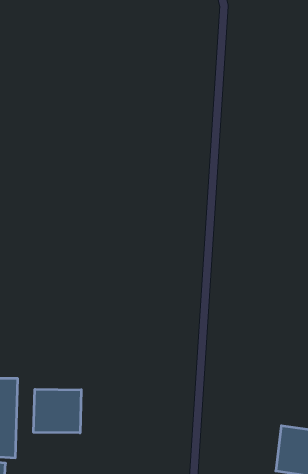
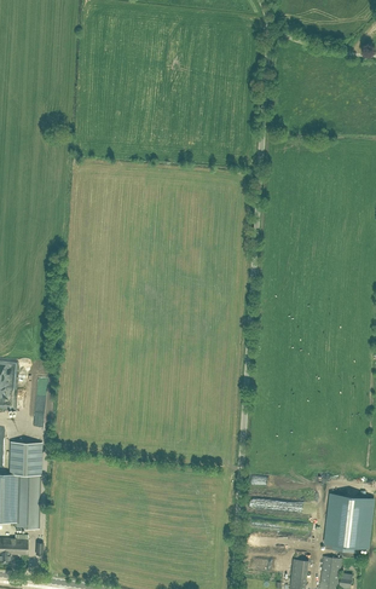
building: [34,389,81,433] -> none

